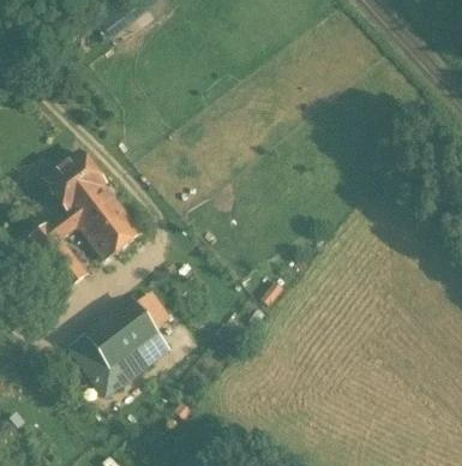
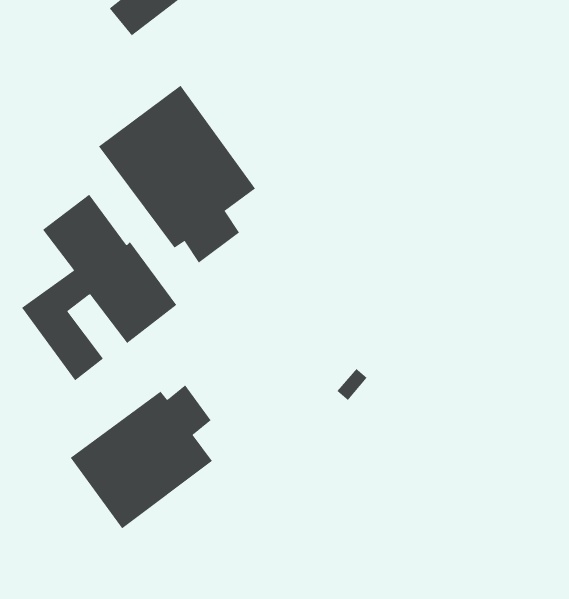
building: none -> [98,85,256,264]

